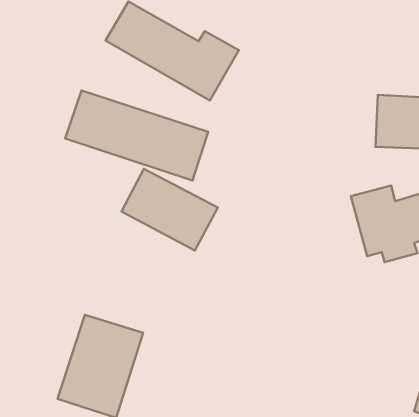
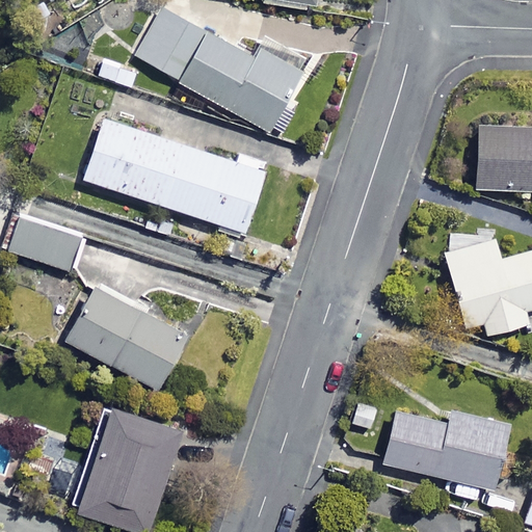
building: none -> [6,213,83,272]
building: [122,169,218,250] -> [66,286,188,389]
building: none -> [383,411,508,489]

